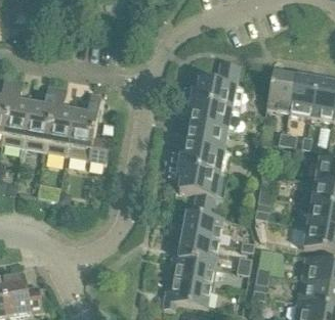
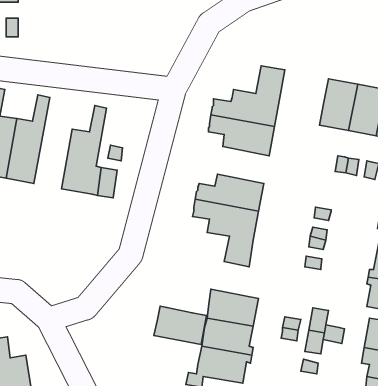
building: [45,85,75,155] -> none
building: [187,123,227,151] -> none
building: [182,211,223,240] -> [154,306,207,345]

